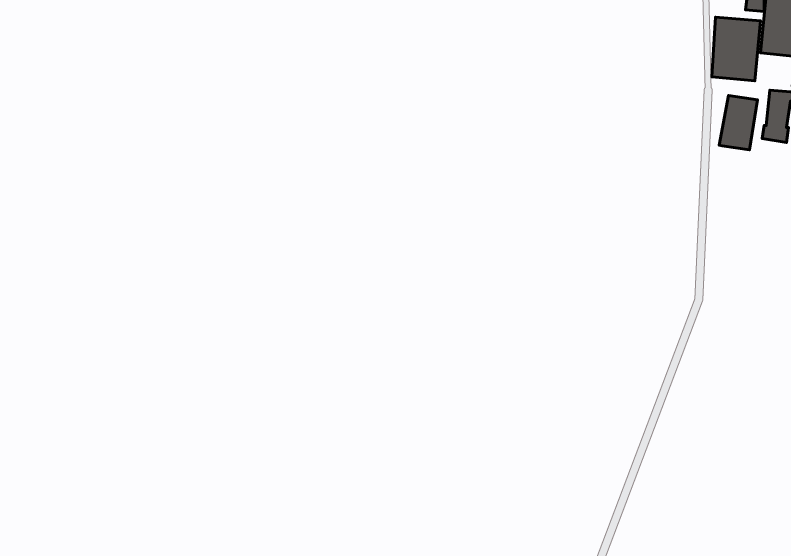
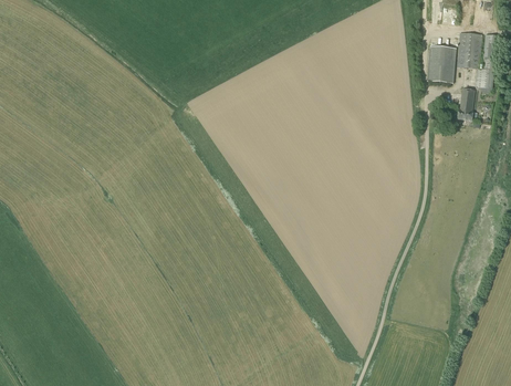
building: [719,95,757,150] -> none

